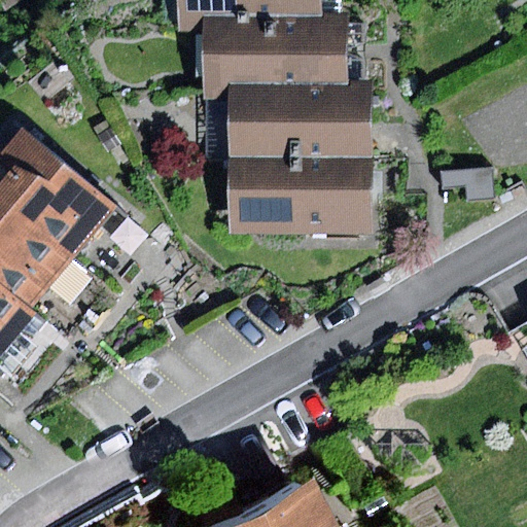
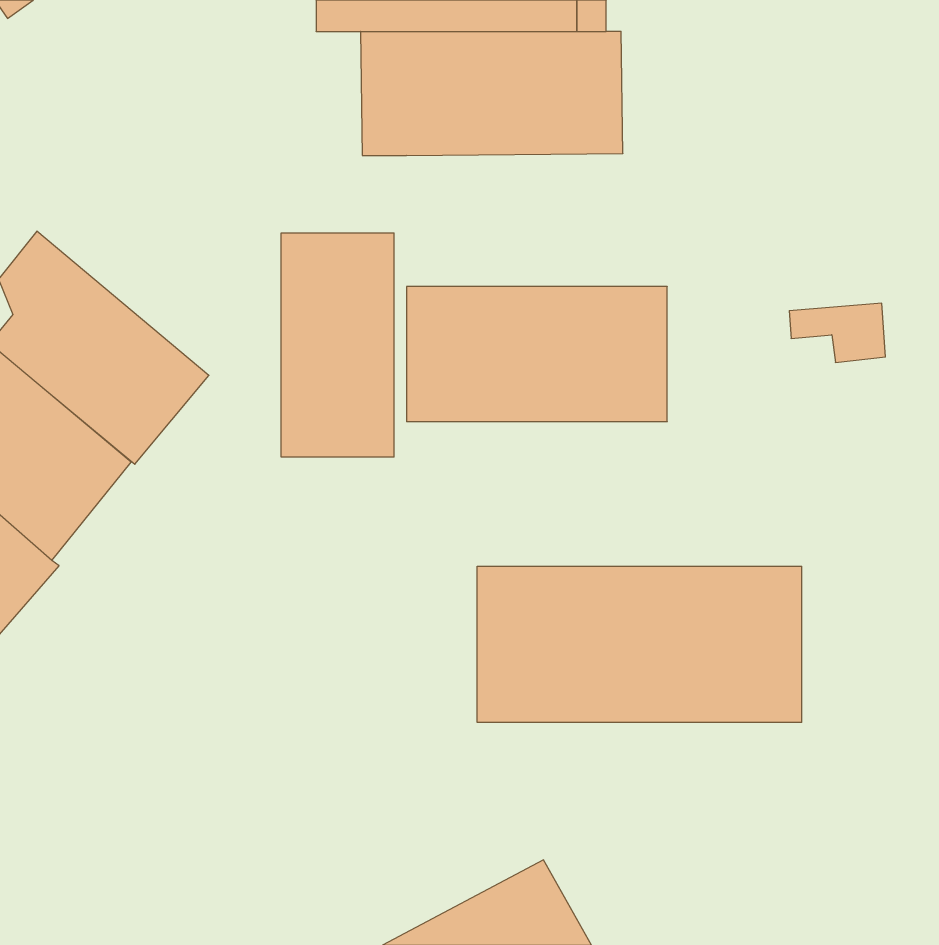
building: [226,85,372,160] -> none
building: none -> [281,233,394,457]
building: none -> [477,566,802,722]

